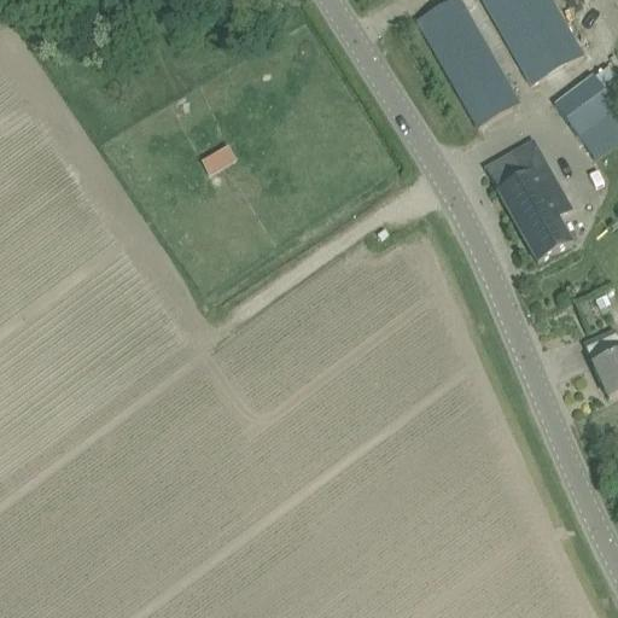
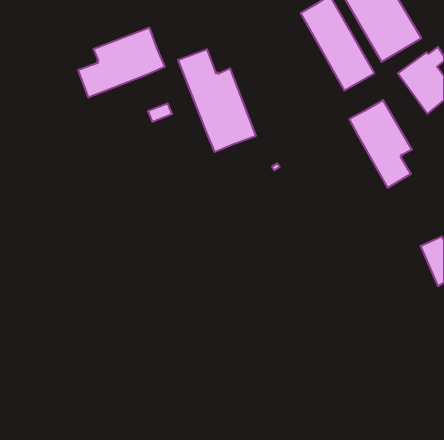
building: none -> [78,28,165,98]
building: none -> [178,49,256,152]

